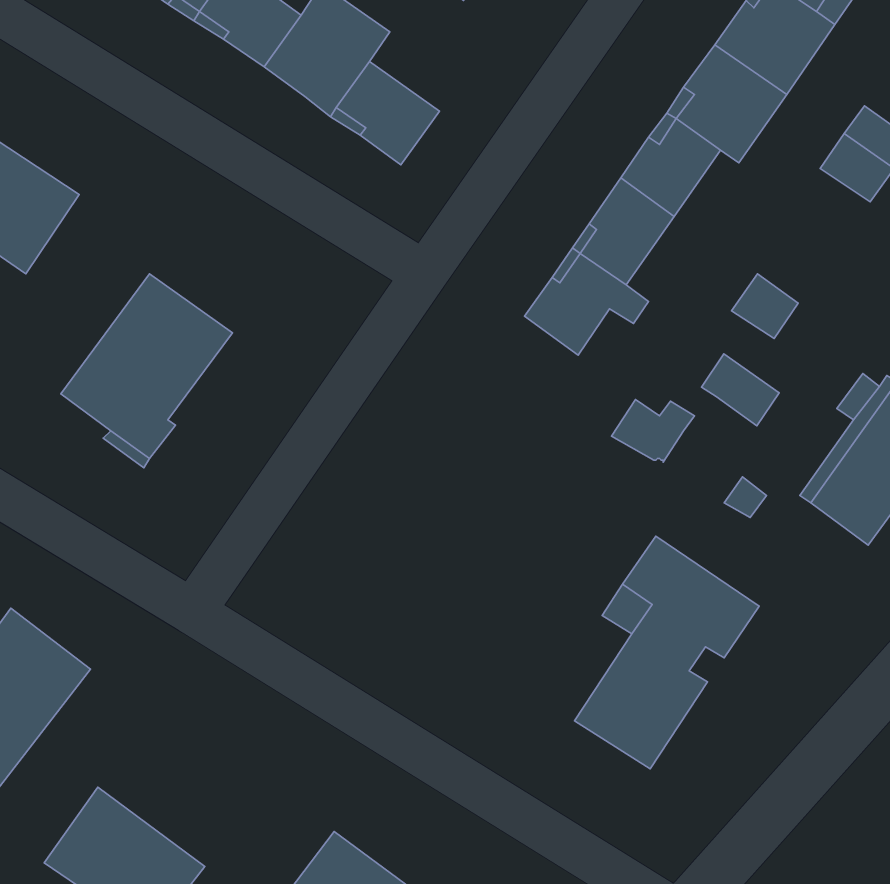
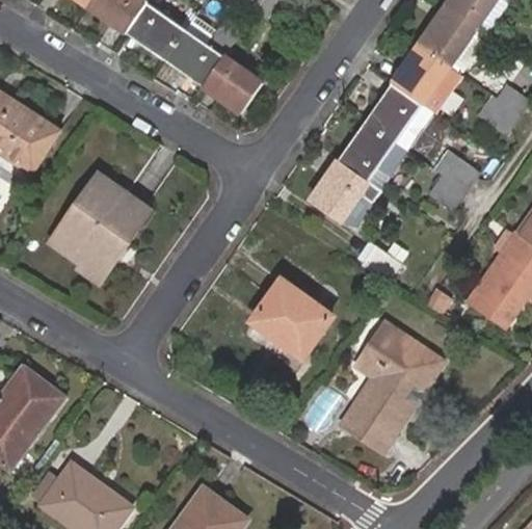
building: [701,354,779,426] -> [433,151,477,191]
building: none -> [249,277,331,359]

